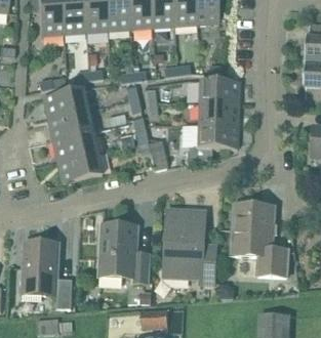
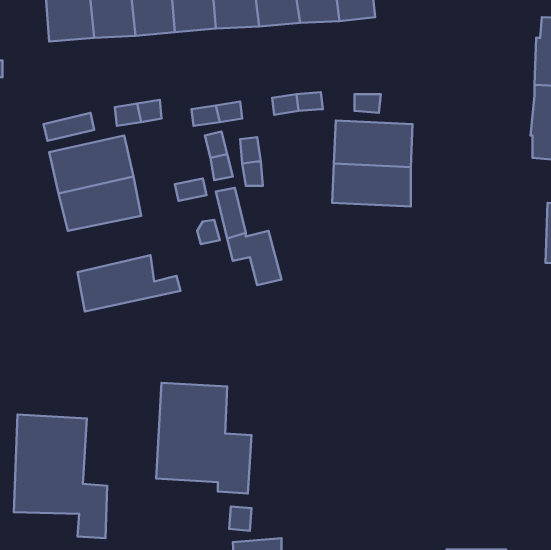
building: [187,125,238,163] -> none
building: [50,132,95,163] -> none
building: [231,204,288,277] -> none
building: [163,208,215,285] -> none

